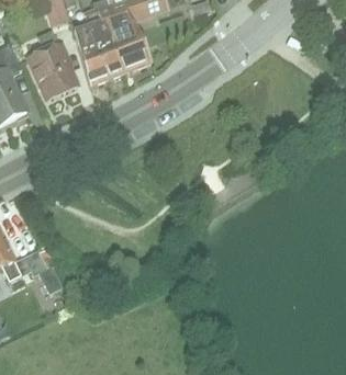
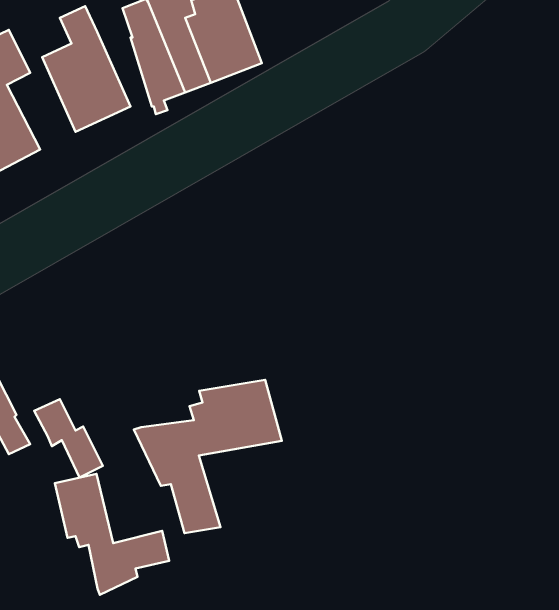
building: none -> [134,380,282,533]
building: none -> [55,474,169,595]

